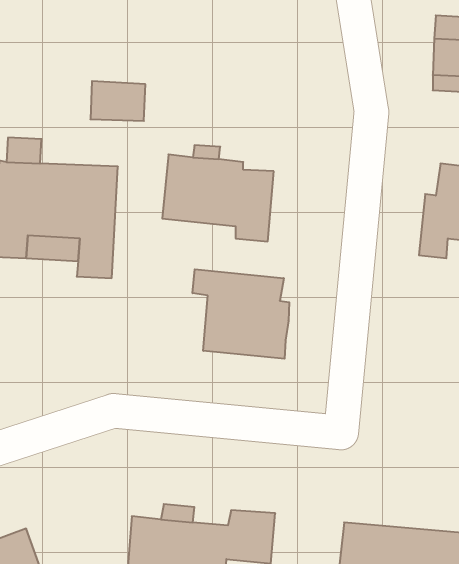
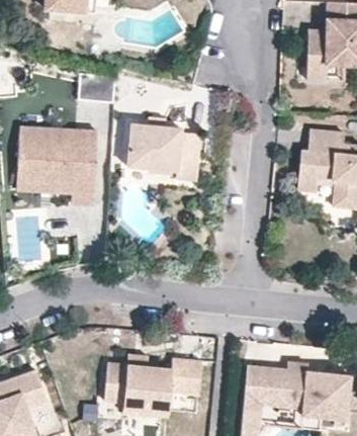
building: [193,269,289,359] -> none

